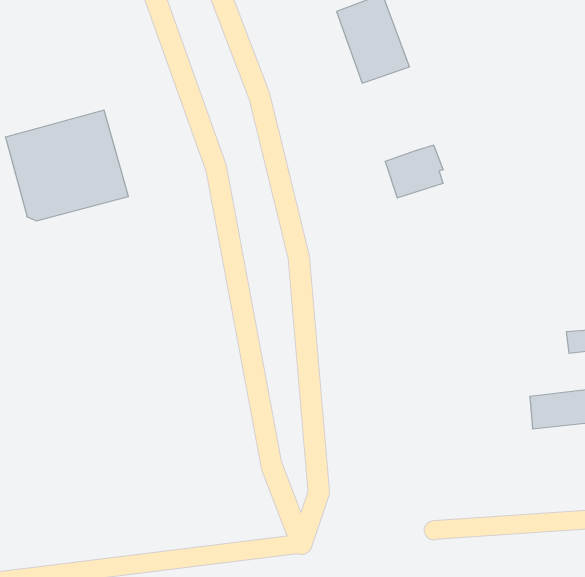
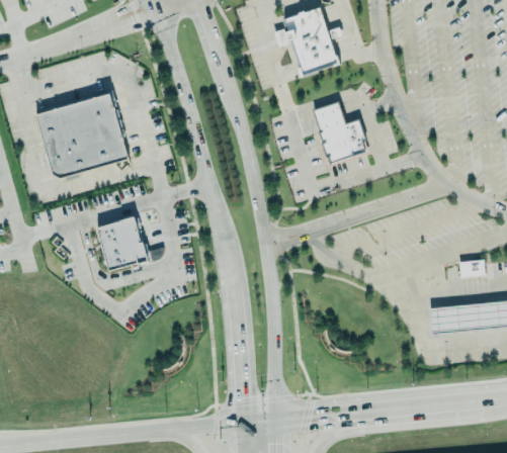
building: none -> [314,100,345,131]
building: none -> [89,219,148,271]

